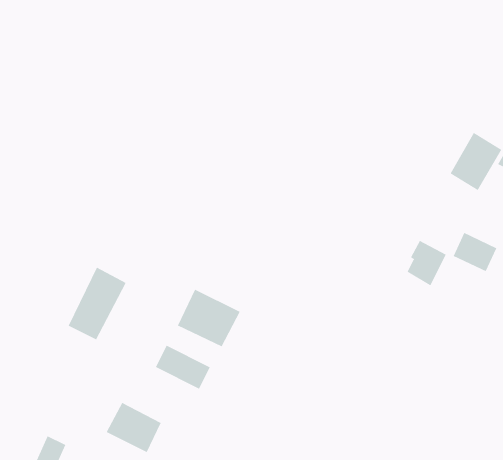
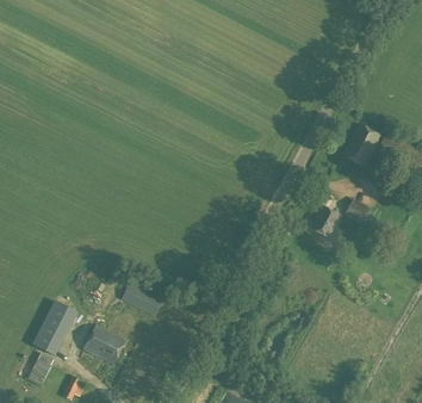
building: [68,267,126,340] -> [33,300,77,355]
building: [177,289,240,347] -> none

